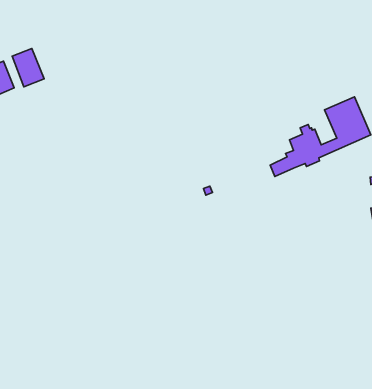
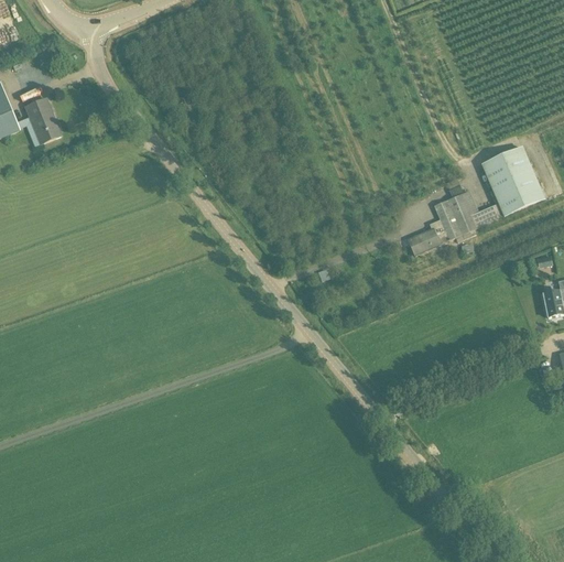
building: [12,48,44,87] -> none

